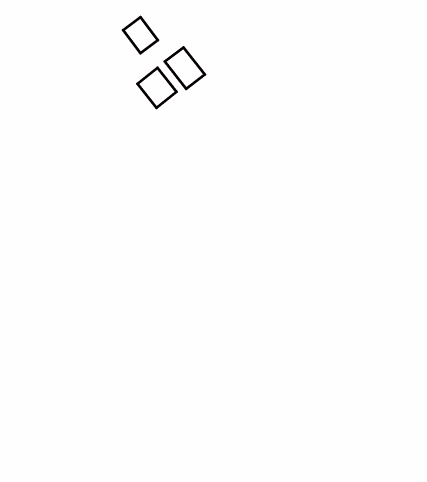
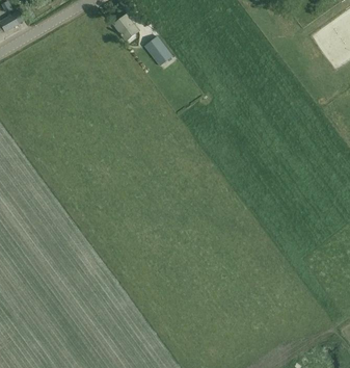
building: [138,68,176,108] -> none

